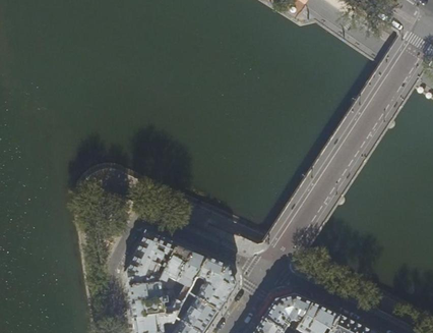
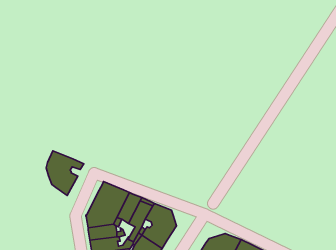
building: none -> [46,151,84,195]

